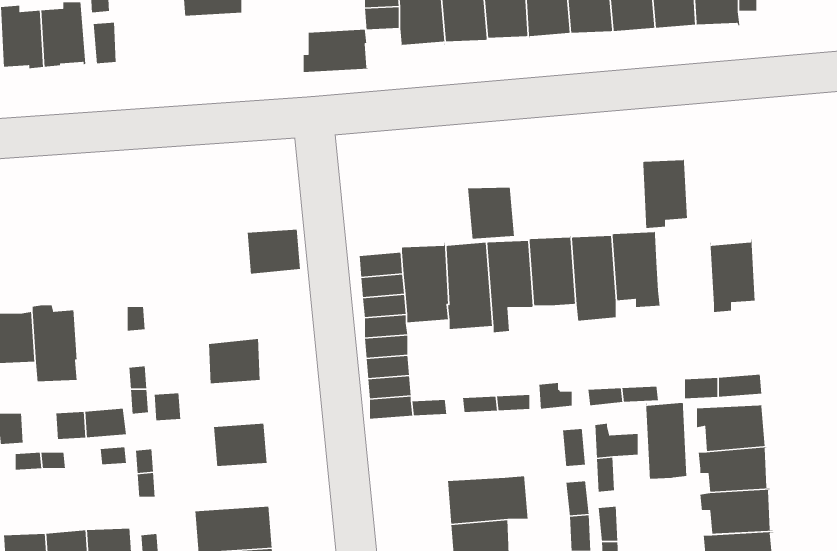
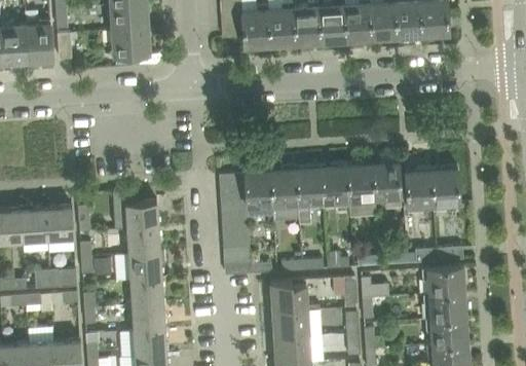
building: [303,29,369,73] -> [110,29,150,56]
building: [642,156,688,229] -> [406,168,434,212]
building: [467,187,515,239] -> none
building: [247,229,301,274] -> [125,202,158,229]
building: none -> [46,207,74,240]
building: none -> [128,252,165,280]
building: [645,400,687,480] -> none
building: none -> [271,282,307,313]
building: none -> [133,302,164,330]

